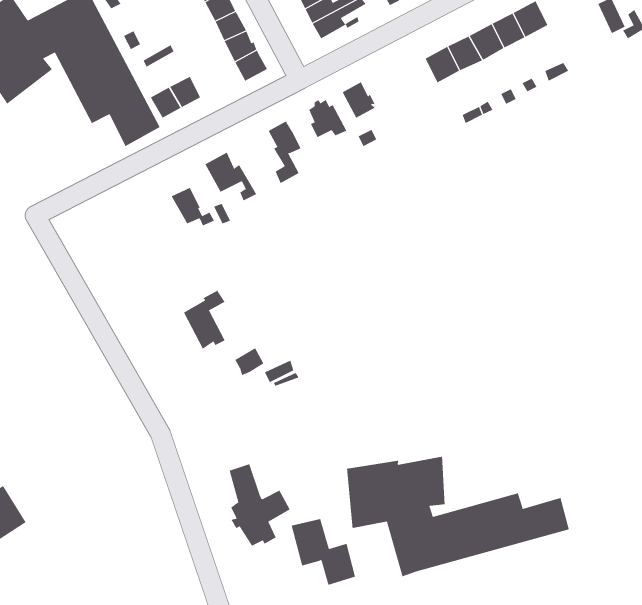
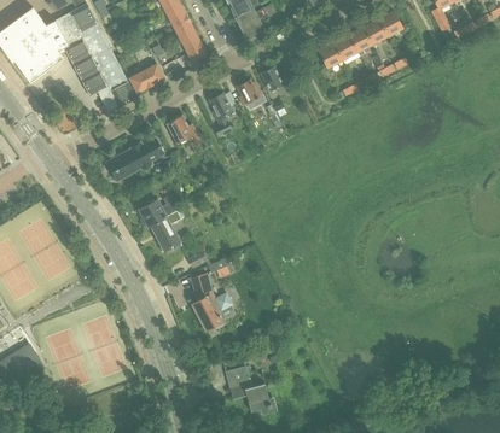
building: none -> [107,142,153,180]
building: none -> [138,193,179,227]
building: [346,456,569,577] -> none
building: [229,464,290,546] -> [191,273,233,329]

